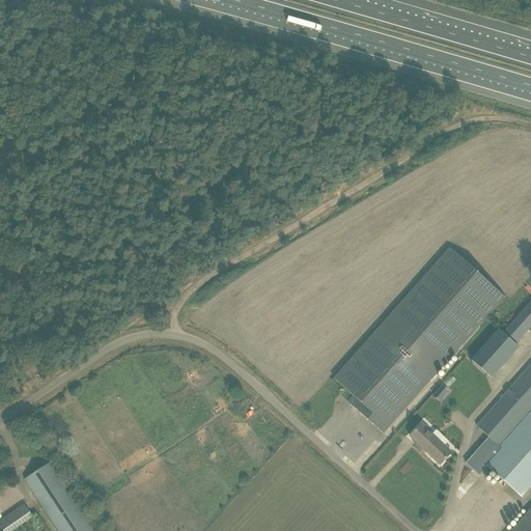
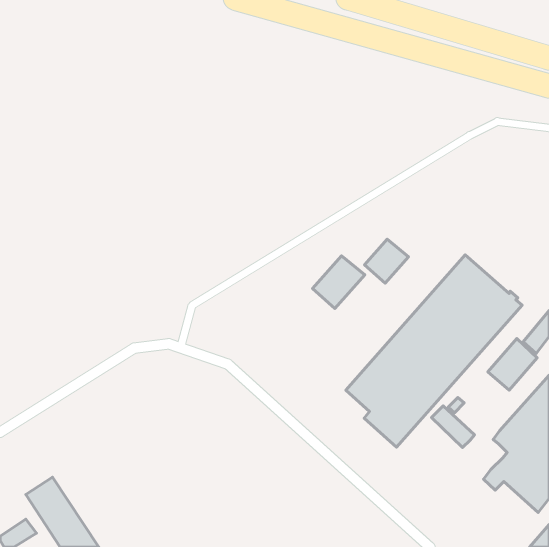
building: none -> [364,239,409,283]
building: none -> [313,256,365,309]
building: [410,422,451,463] -> [431,406,474,448]

